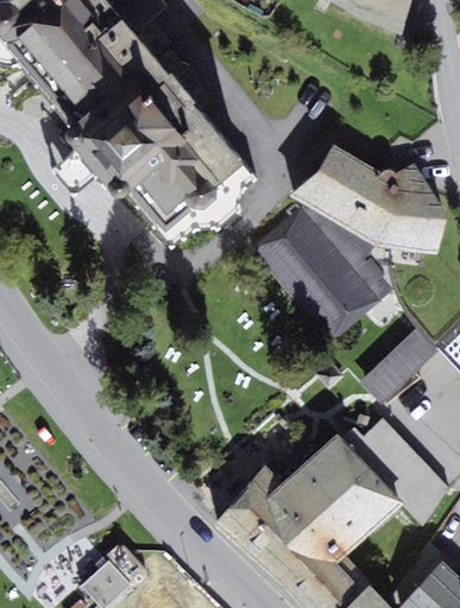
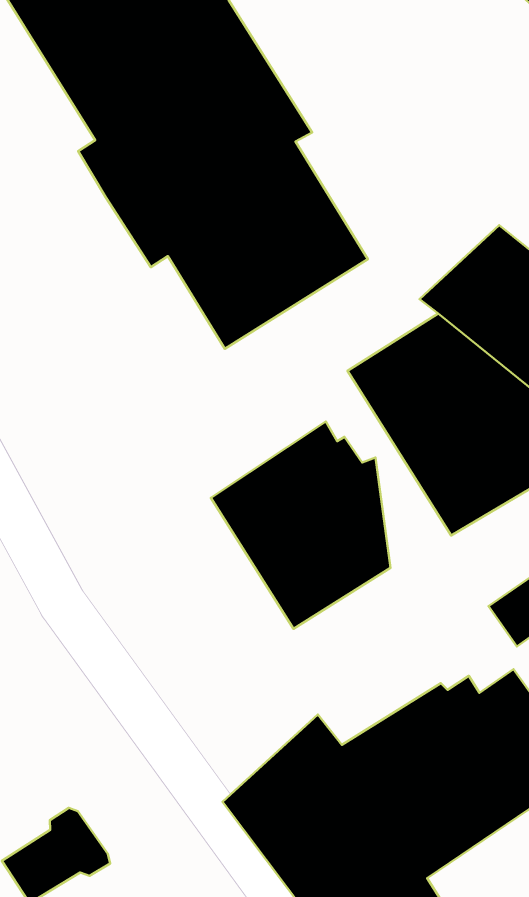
building: none -> [211,422,390,629]

